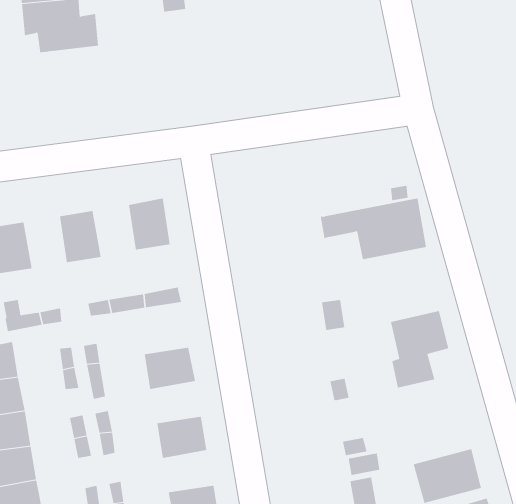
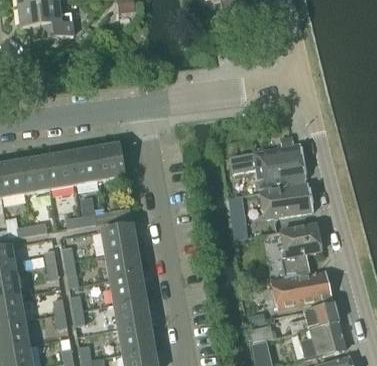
building: none -> [68,148,98,185]
building: none -> [19,156,49,193]
building: none -> [258,183,312,219]
building: none -> [100,224,136,254]
building: none -> [271,270,331,309]
building: none -> [108,273,145,303]
building: none -> [289,303,337,333]
building: none -> [117,322,154,352]

